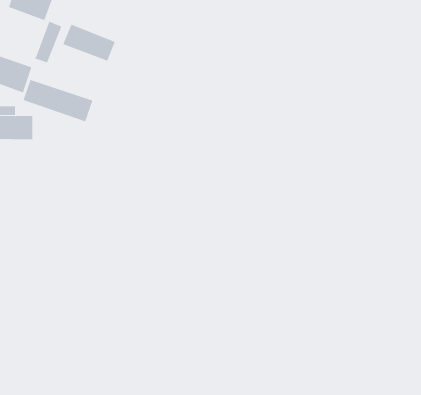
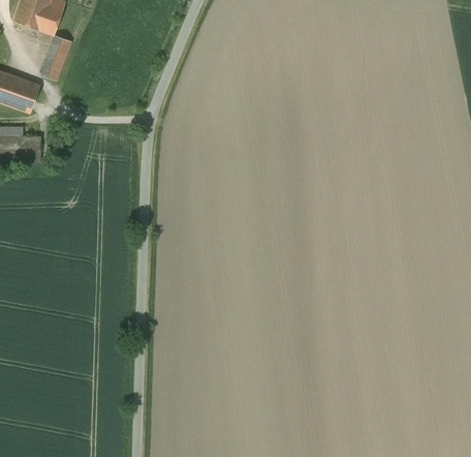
building: [63,24,115,62] -> none
building: [23,79,93,122] -> none

